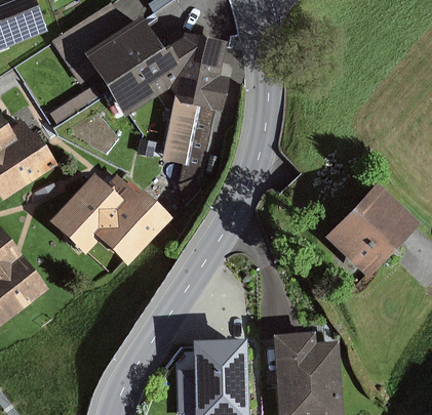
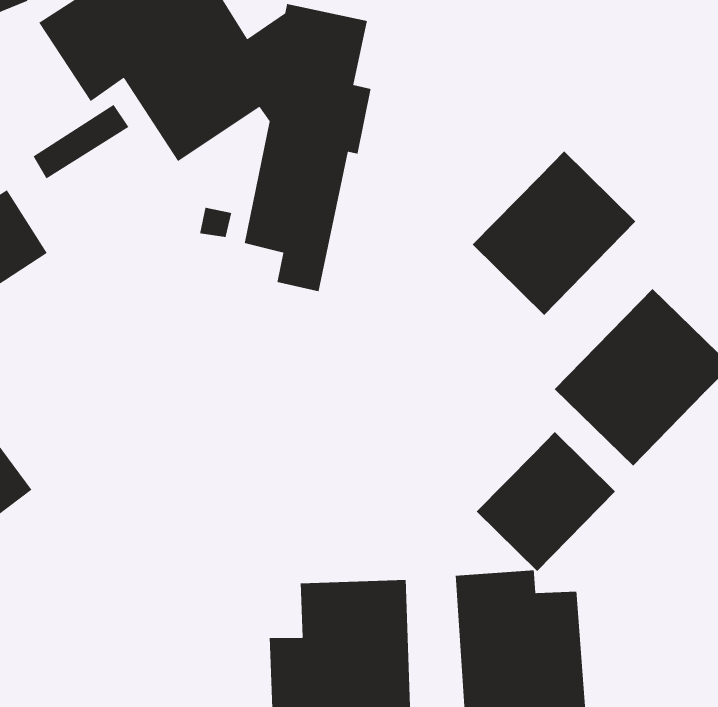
building: none -> [472,150,636,316]
building: [48,173,170,264] -> none
building: none -> [476,431,616,572]

